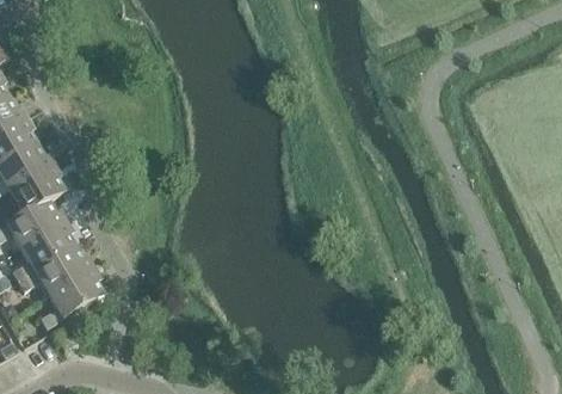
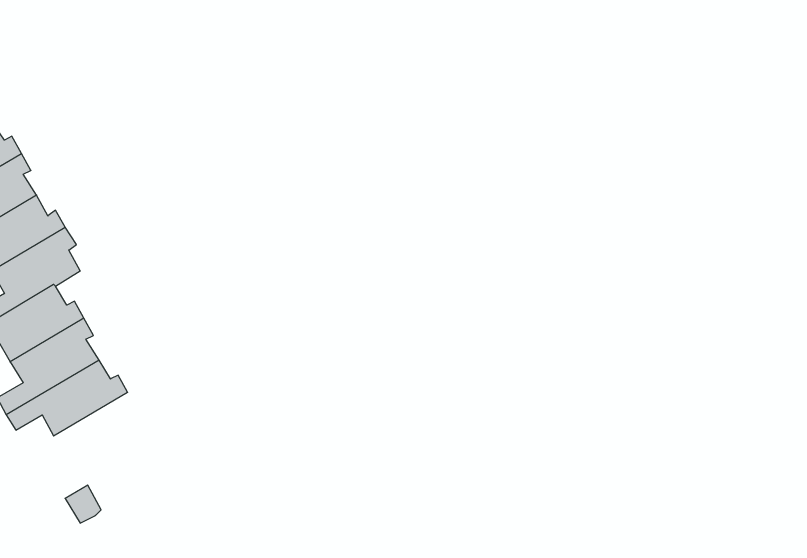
building: [39,266,103,327] -> none

